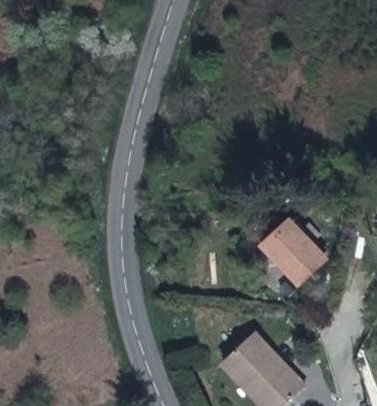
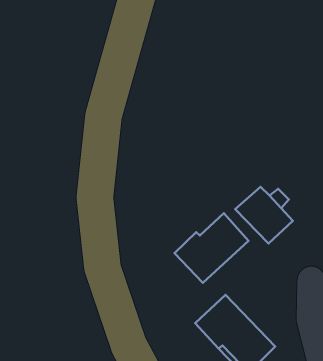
building: none -> [175,213,249,283]

